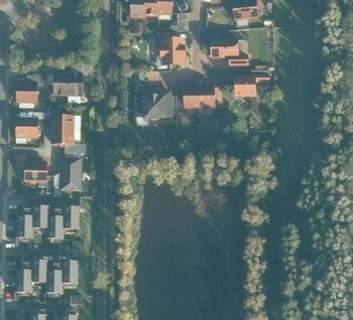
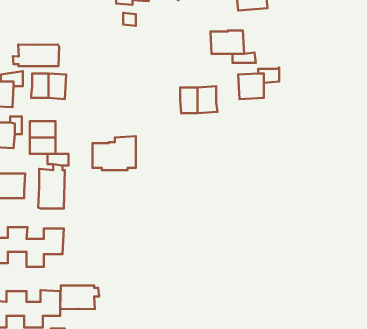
building: [155,32,185,66] -> none
building: none -> [13,44,59,66]
building: [133,91,170,120] -> [93,136,136,170]
building: none -> [60,286,99,309]

